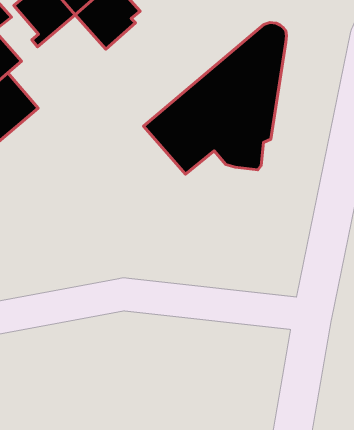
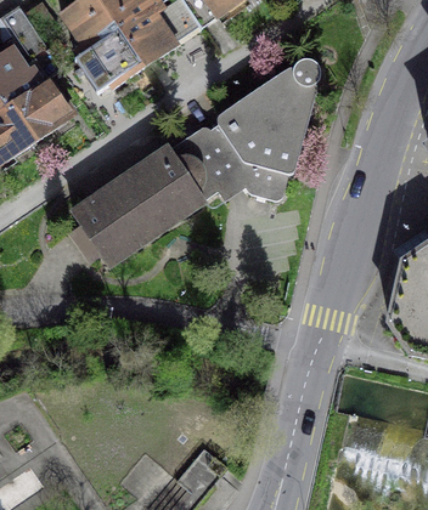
building: none -> [80,28,146,93]
building: none -> [74,143,209,262]

